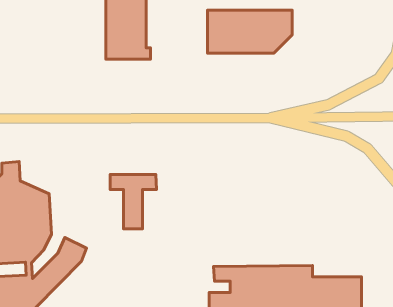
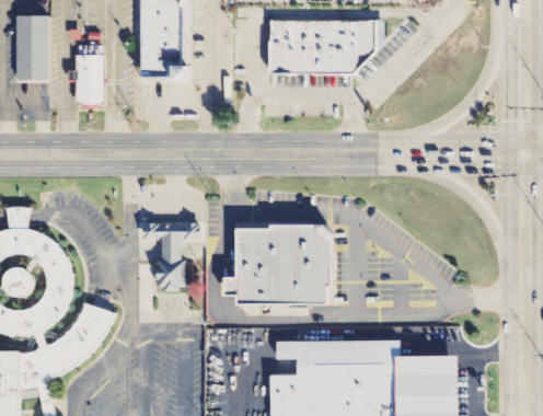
building: none -> [16,16,49,80]
building: none -> [76,46,103,105]
building: none -> [222,223,328,303]

